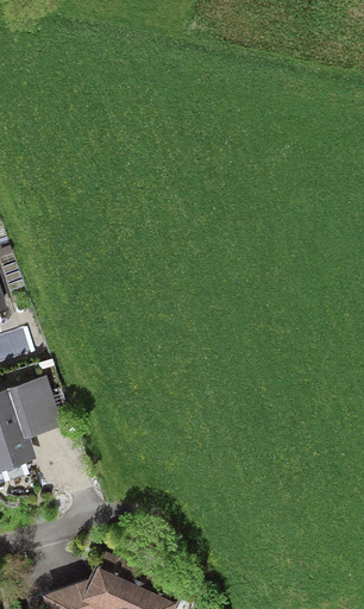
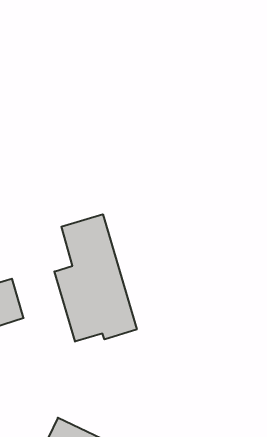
building: none -> [54,214,137,342]

